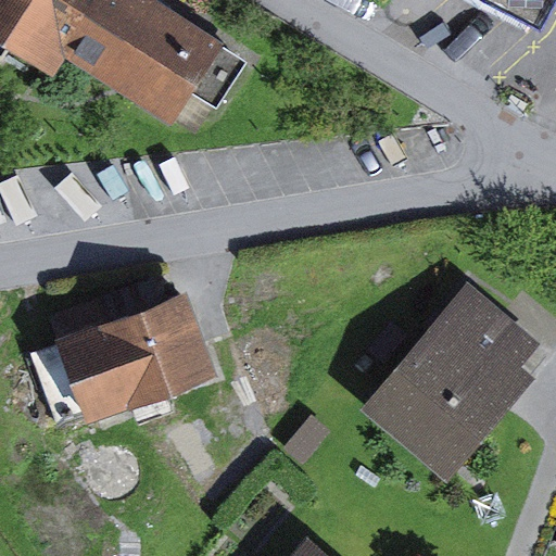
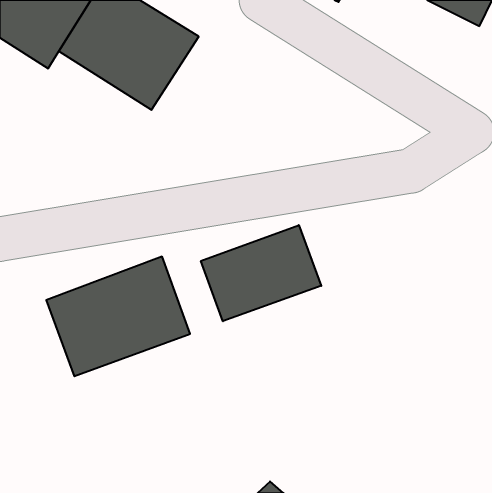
building: none -> [201,225,321,321]
building: [361,279,544,482] -> none

